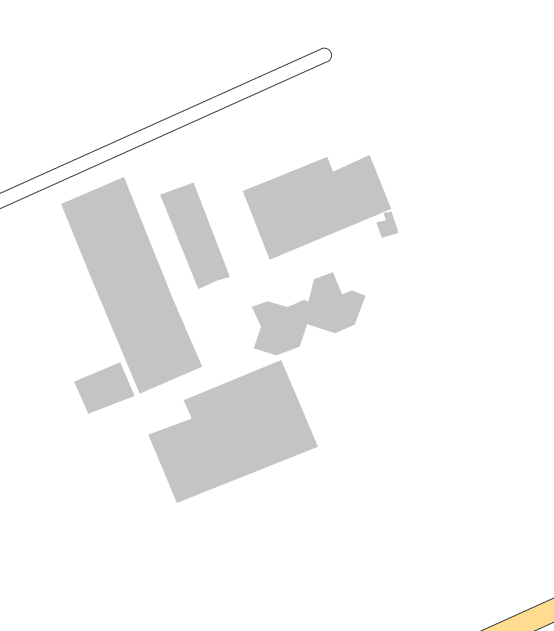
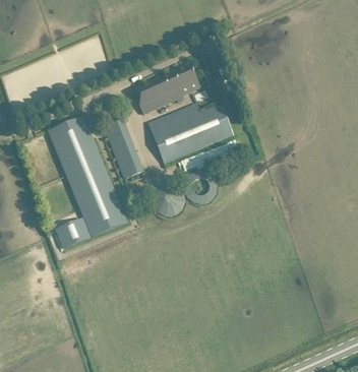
building: none -> [132,65,196,114]
building: [147,359,319,504] -> none

